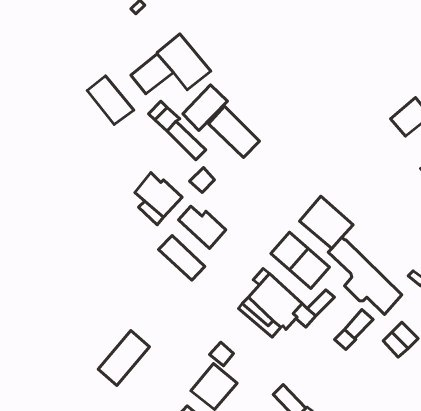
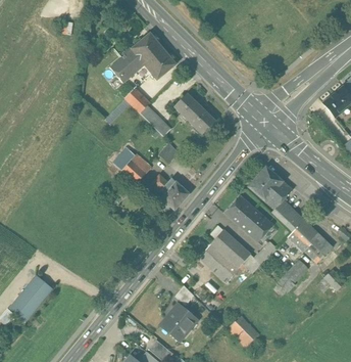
building: [87,76,134,124] -> none
building: [183,85,228,131] -> none
building: [158,236,205,280] -> none
building: [98,331,149,385] -> [9,275,51,320]

